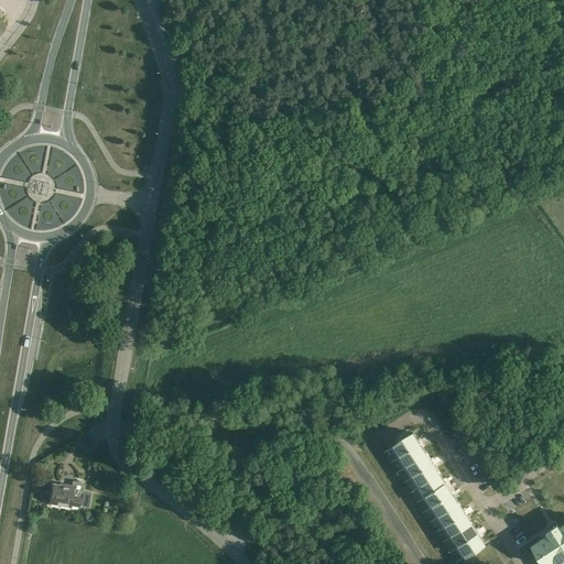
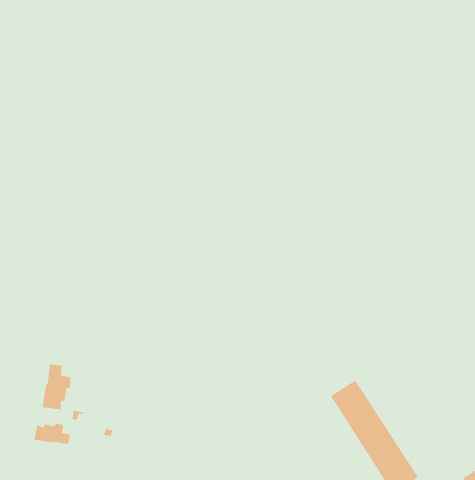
building: none -> [42,363,71,410]

